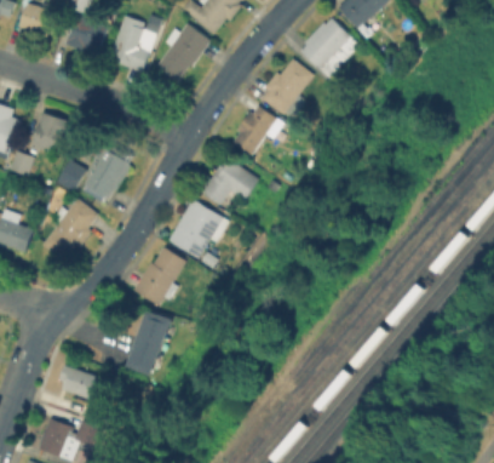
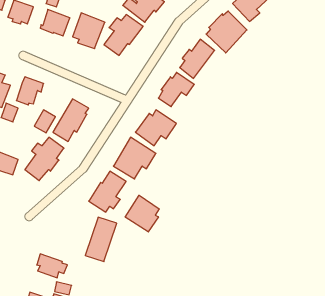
building: none -> [125,195,159,232]

